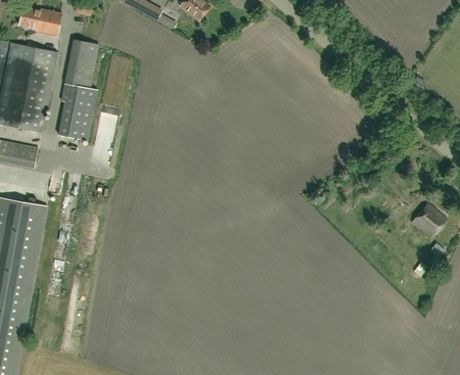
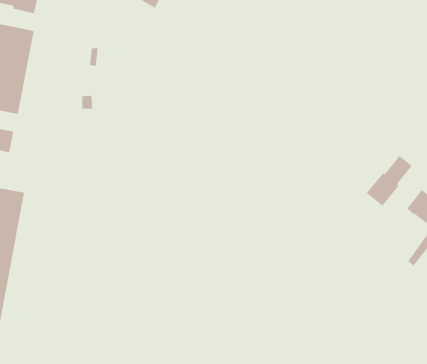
building: [57,38,97,140] -> none
building: none -> [366,155,413,207]

